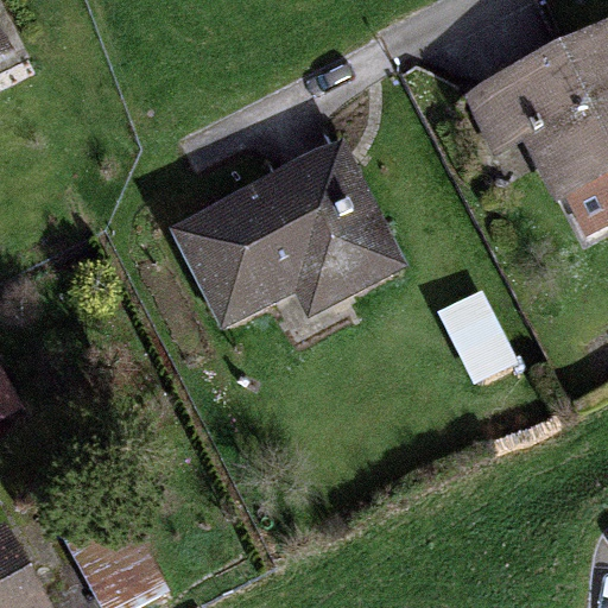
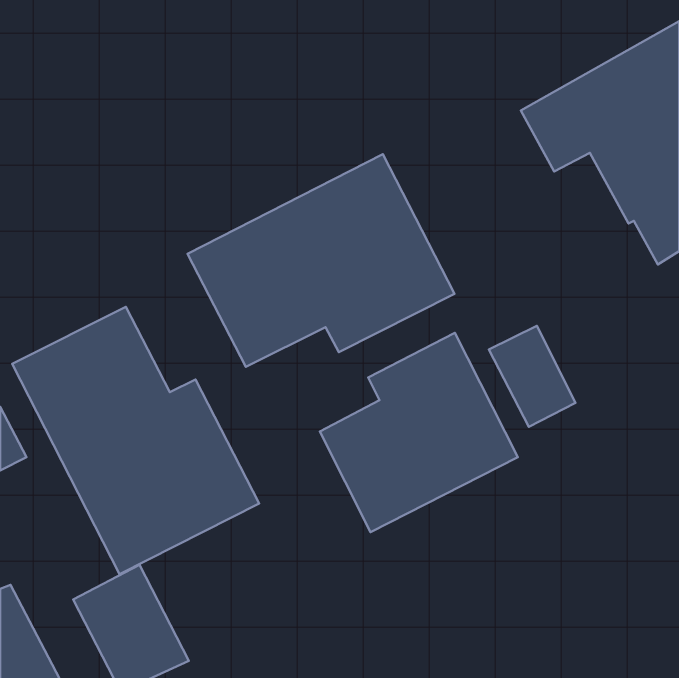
building: none -> [12,307,259,574]
building: none -> [320,333,518,532]

